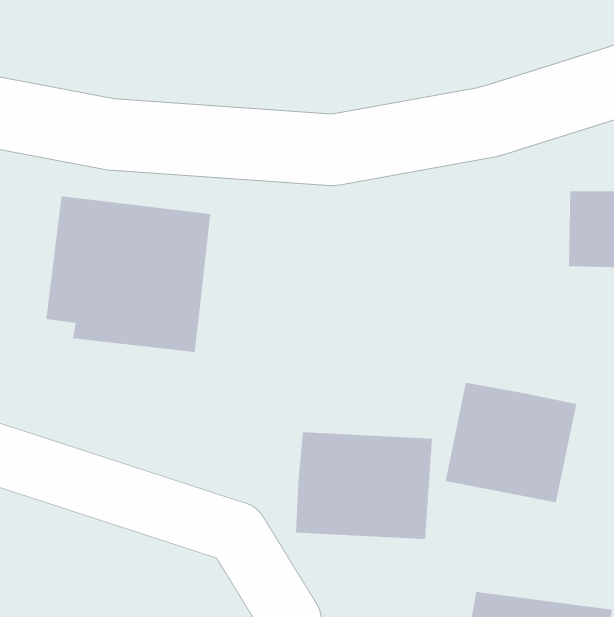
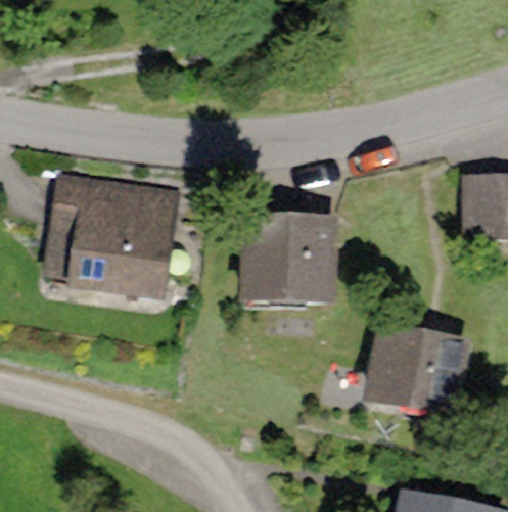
building: none -> [240,213,343,308]
building: [295,431,432,540] -> none

